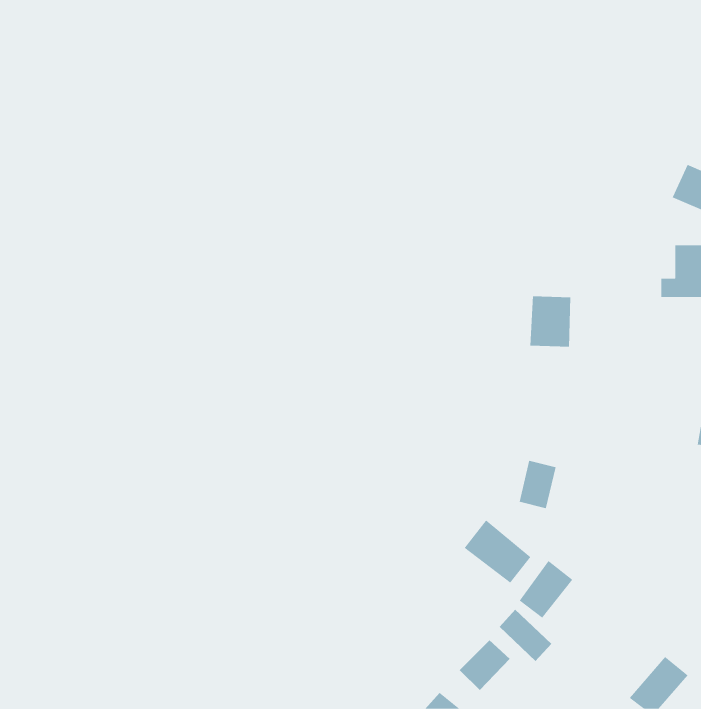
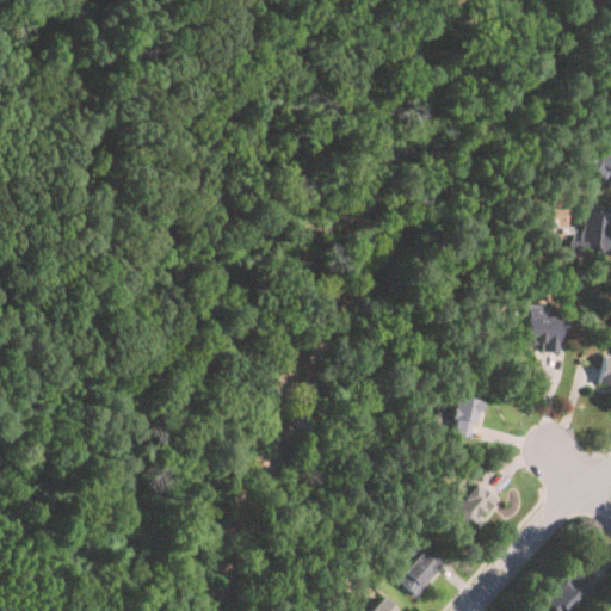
building: [529,296,571,347] -> [529,304,564,348]
building: [464,520,531,584] -> none
building: [499,609,552,662] -> none

